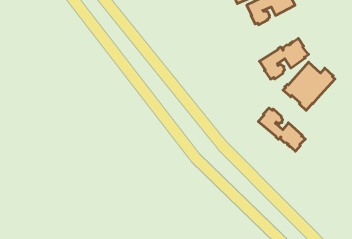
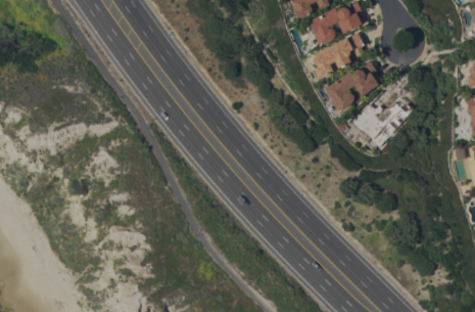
building: none -> [312,33,364,78]
building: [258,108,305,151] -> none

